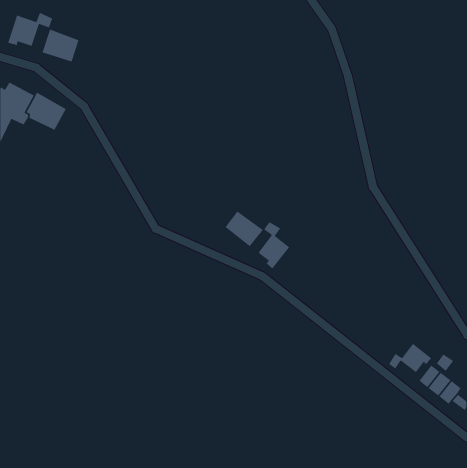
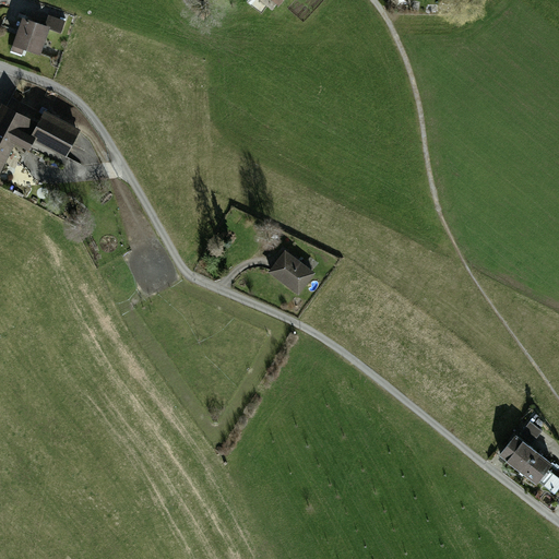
building: [42,28,80,63] -> none
building: [257,221,290,270] -> none
building: [388,343,432,373] -> none

